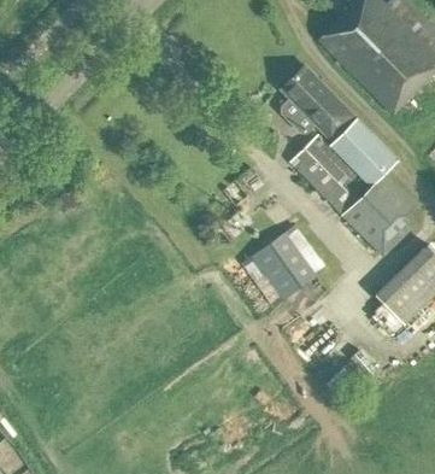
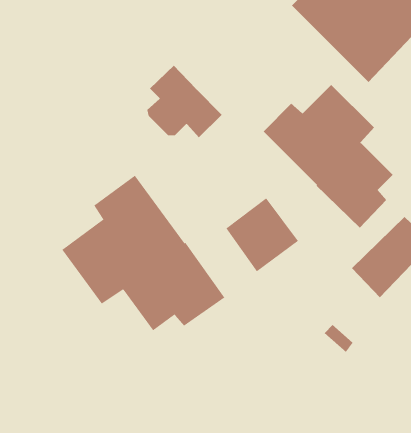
building: [277,65,351,136] -> [147,65,222,138]
building: none -> [61,175,225,331]

